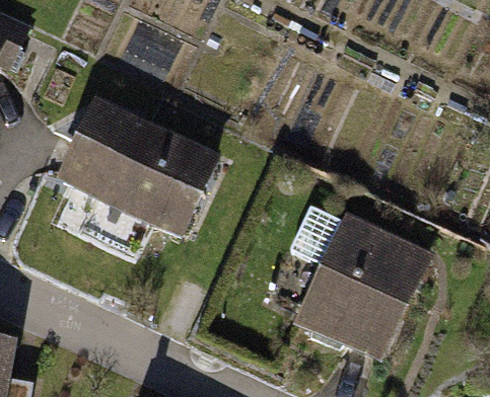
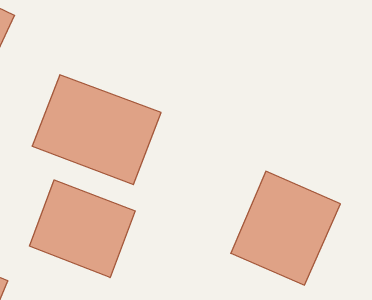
building: none -> [29,180,135,278]

